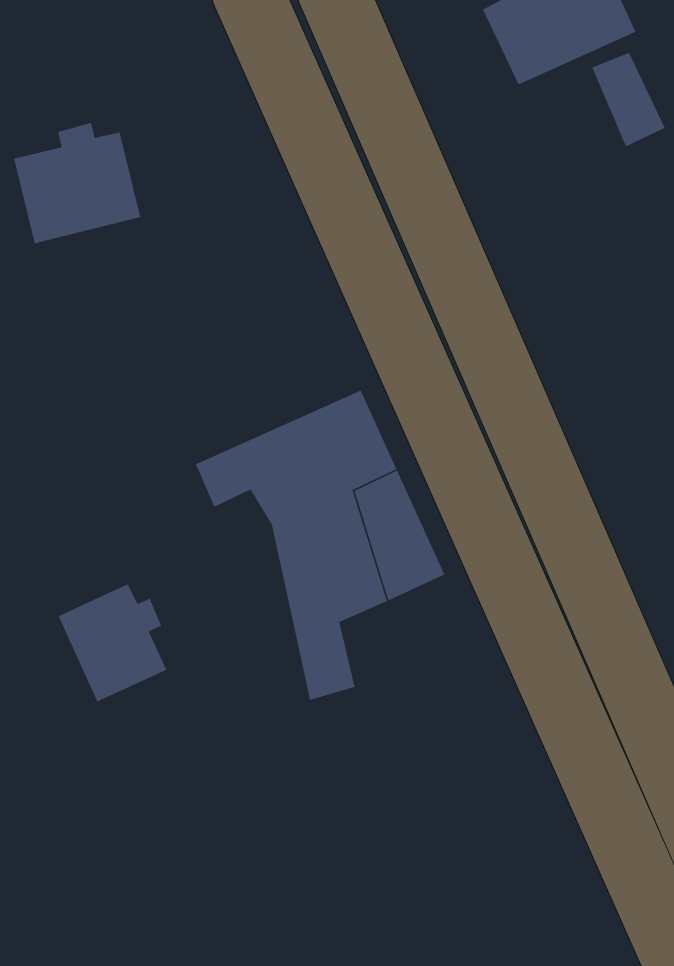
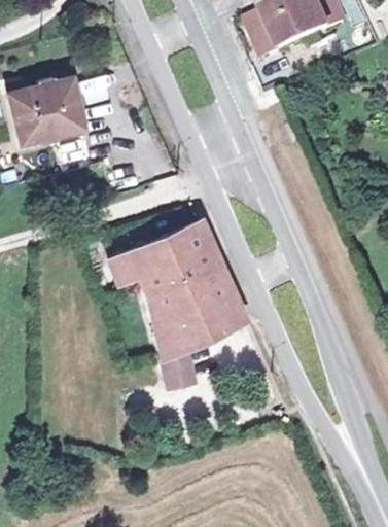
building: [591,52,666,147] -> [241,10,281,62]
building: [58,583,168,703] -> none

